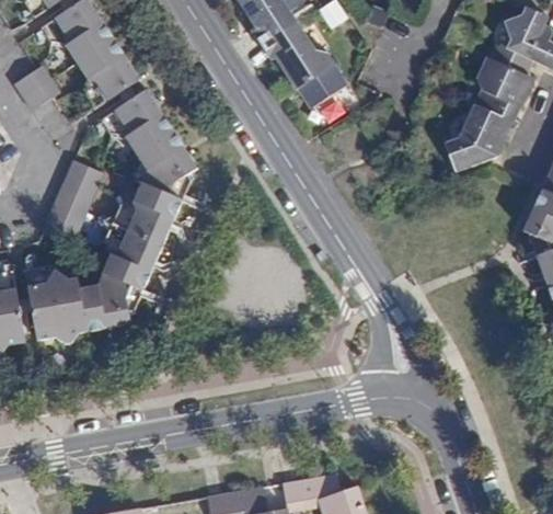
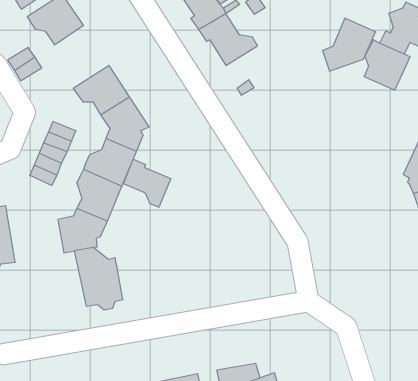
building: [76,37,140,108] -> none
building: [296,64,348,108] -> none
building: [445,103,512,171] -> [323,18,376,71]
building: none -> [124,159,171,207]
building: [25,263,88,343] -> [74,248,123,310]

